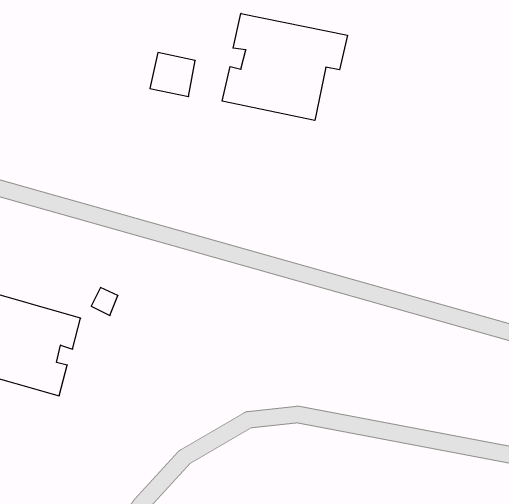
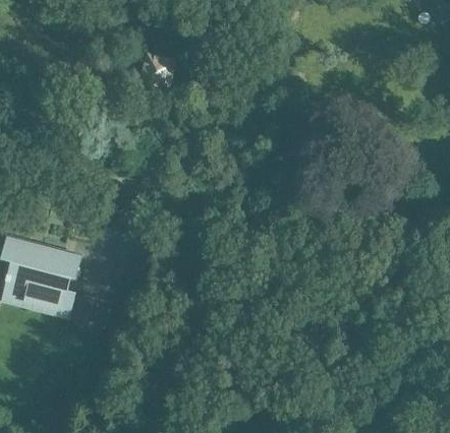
building: [222,13,347,120] -> none

